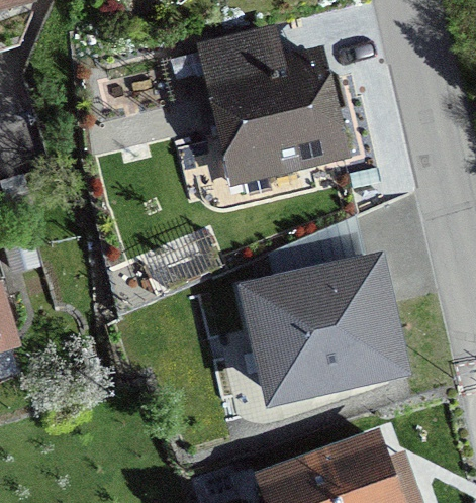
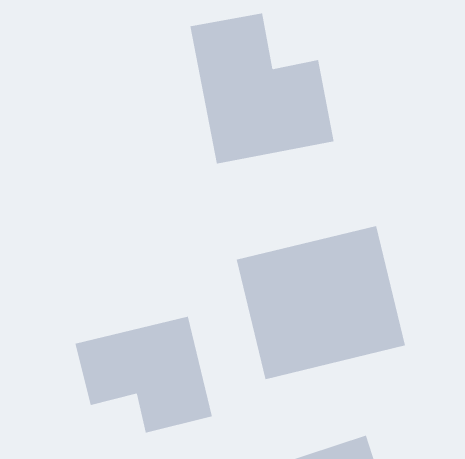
building: none -> [75,316,213,433]

